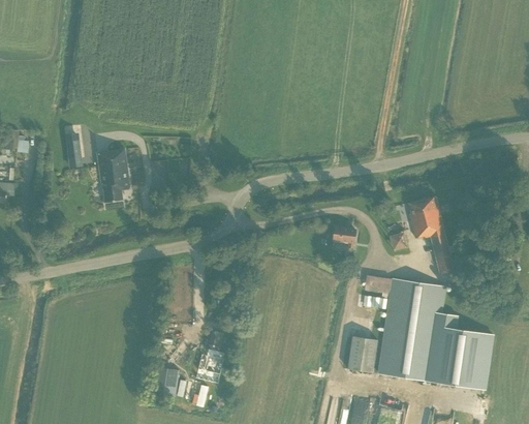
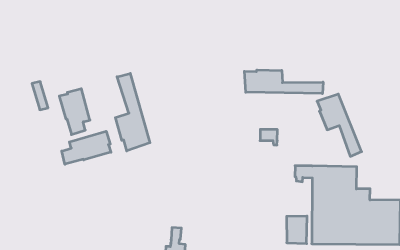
building: none -> [115,73,150,151]
building: none -> [244,70,323,94]
building: none -> [62,131,111,164]

